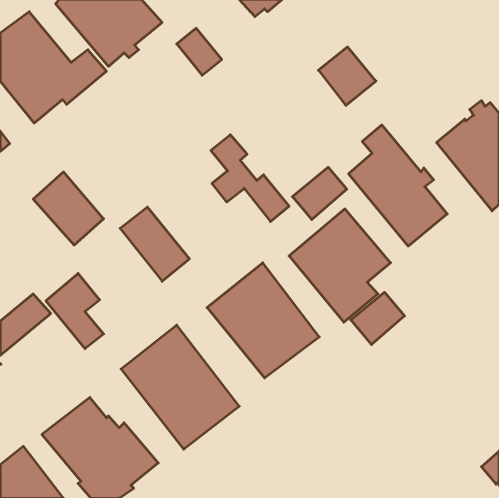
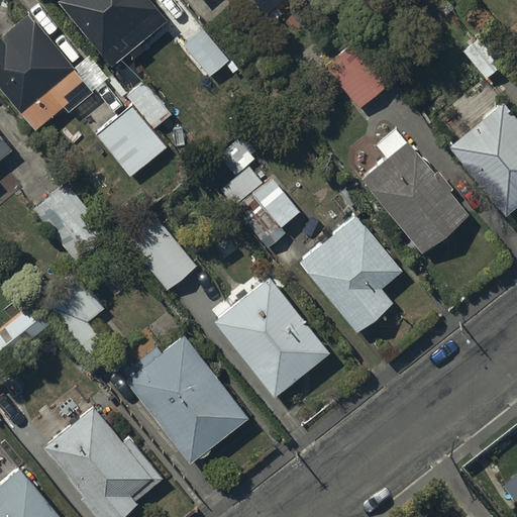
building: none -> [96,99,167,171]
building: [292,167,347,220] -> none
building: [351,292,405,345] -> none

